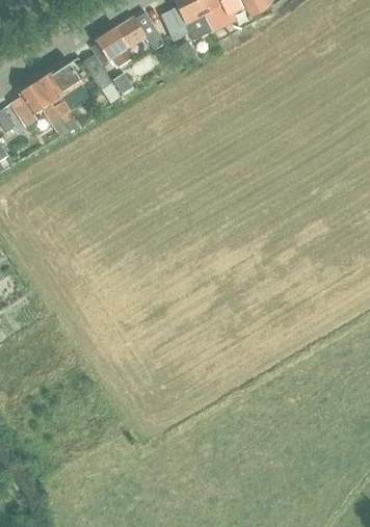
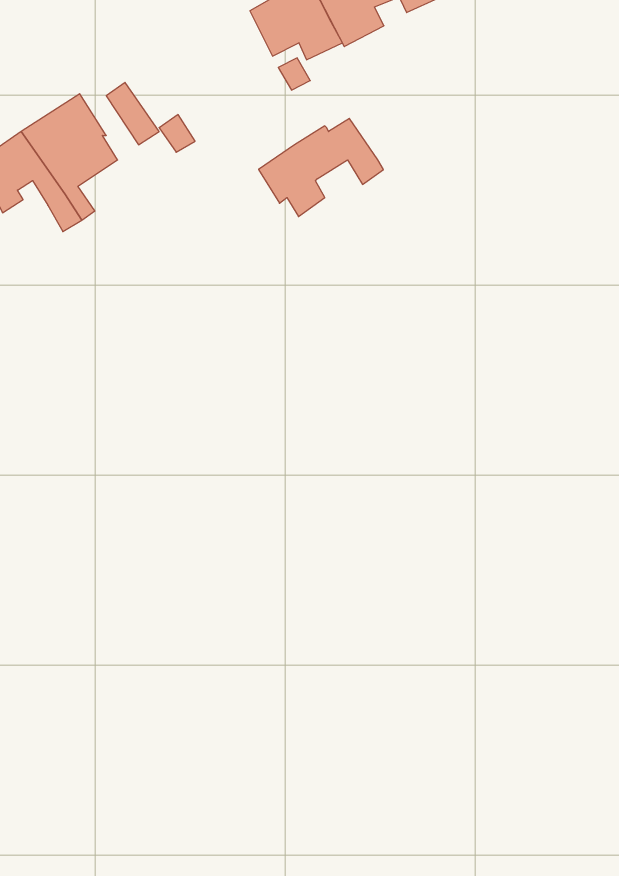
building: [96,14,164,68] -> [259,118,383,217]

